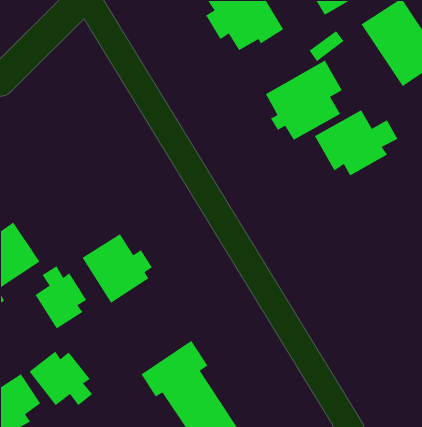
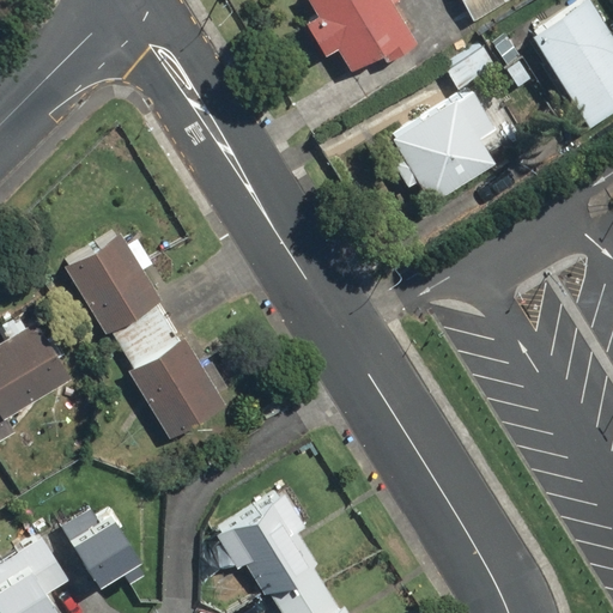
building: [314,109,399,176] -> none
building: none -> [62,229,162,335]
building: [34,265,87,329] -> none

